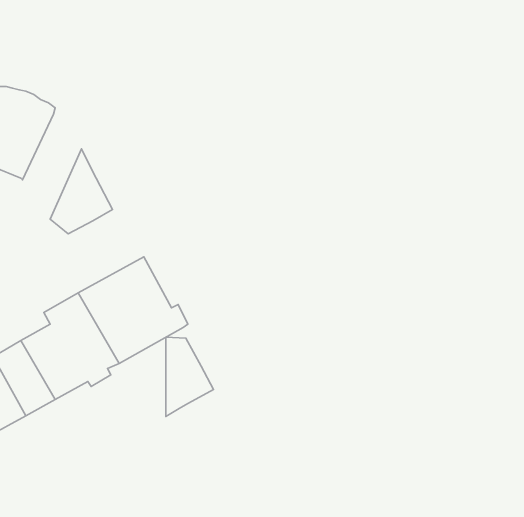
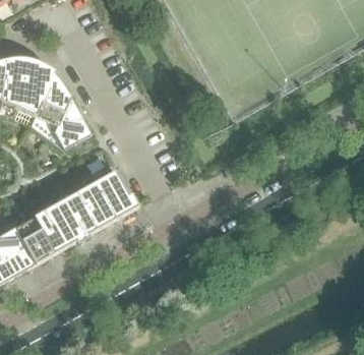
building: none -> [28,75,70,140]
building: [166,337,213,416] -> none

